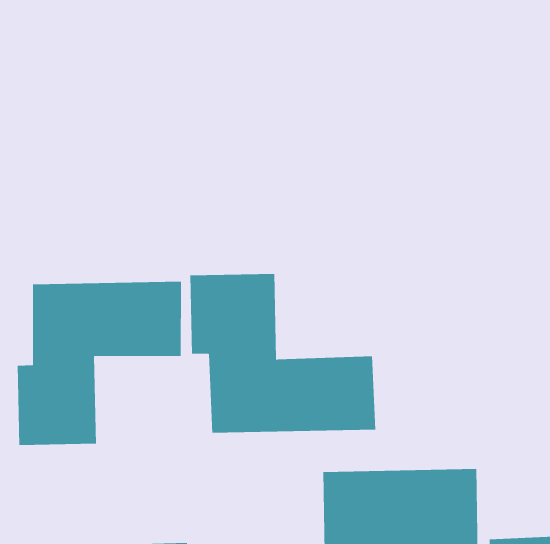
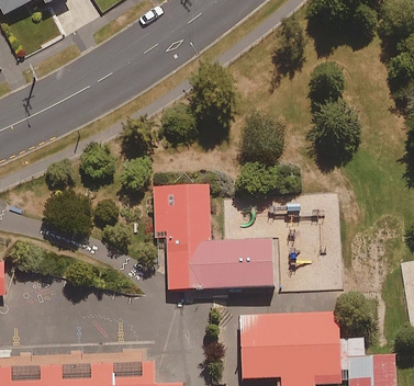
building: [17,281,181,446] -> none

